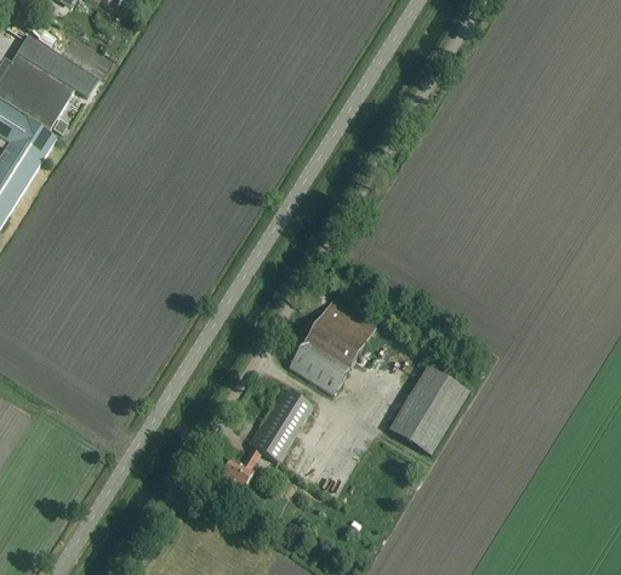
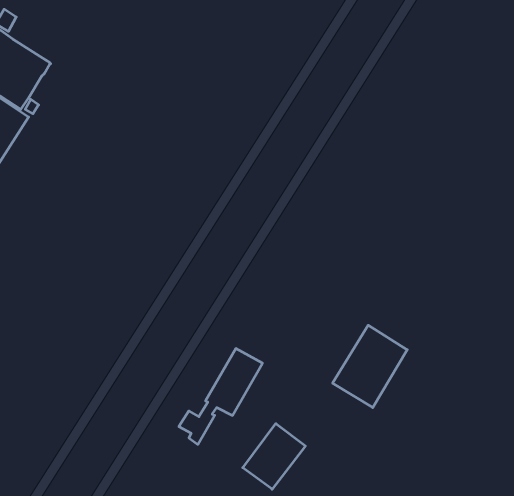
building: [287,297,376,394] -> none
building: none -> [243,424,305,489]

